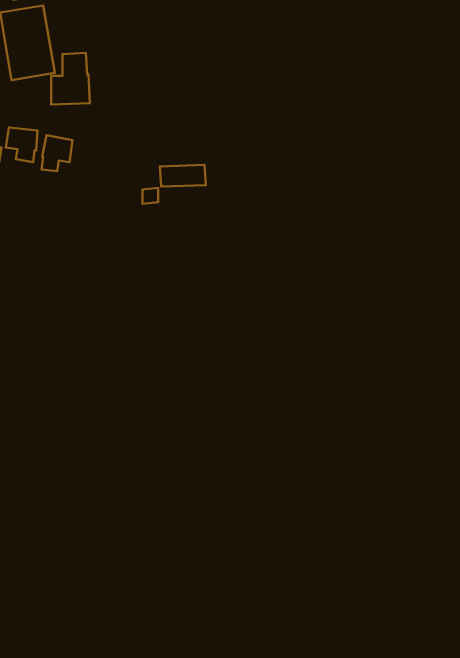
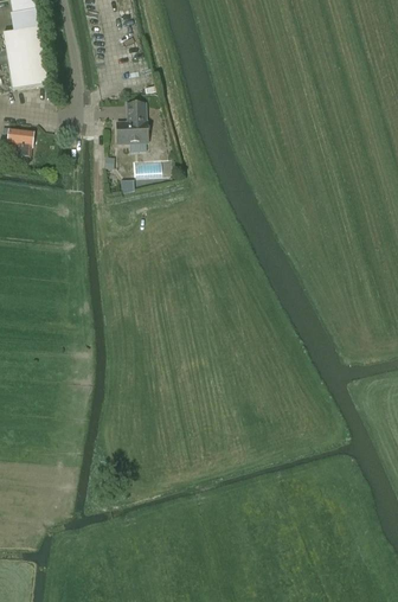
building: [51,53,90,105] -> [117,101,149,143]
building: [41,135,72,171] -> none

